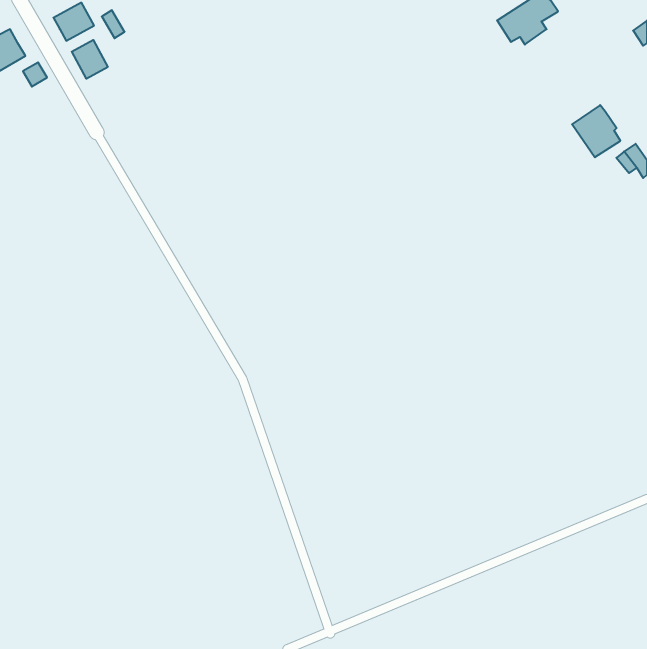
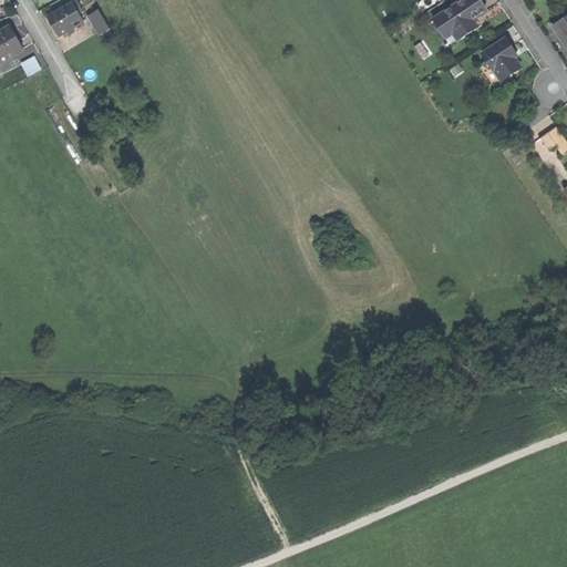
building: [72,40,108,79] -> none
building: [572,105,620,157] -> [480,37,522,82]

